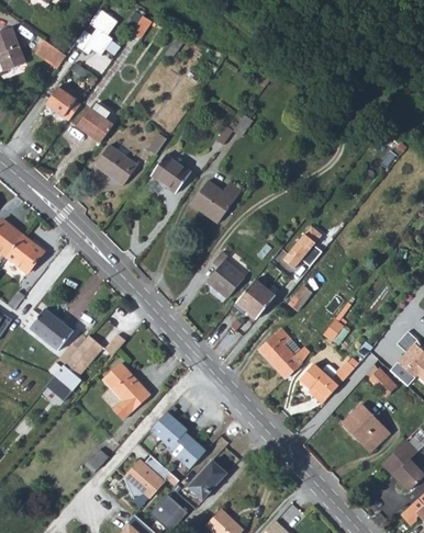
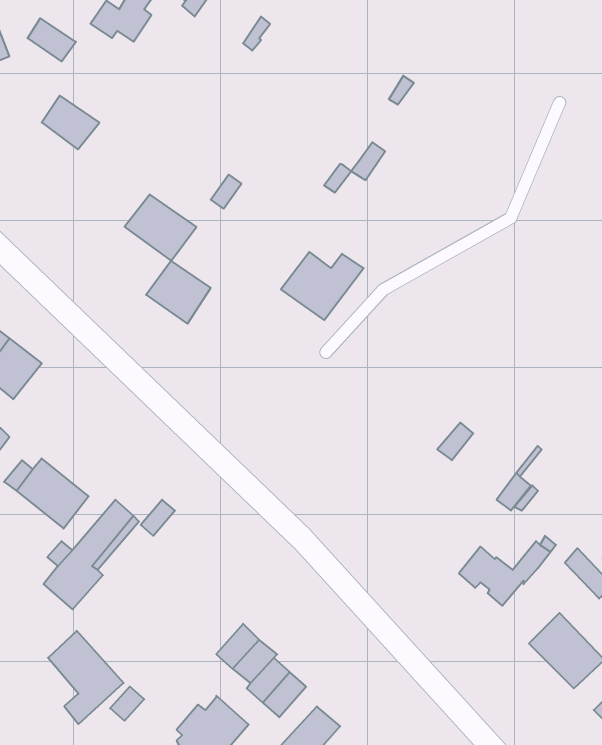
building: [75,102,113,144] -> none
building: [152,157,191,195] -> [146,261,211,324]
building: [282,227,321,269] -> none
building: [204,252,247,299] -> none
building: [233,281,272,319] -> none
building: [258,329,309,378] -> none
building: [104,363,150,420] -> [48,631,124,724]

